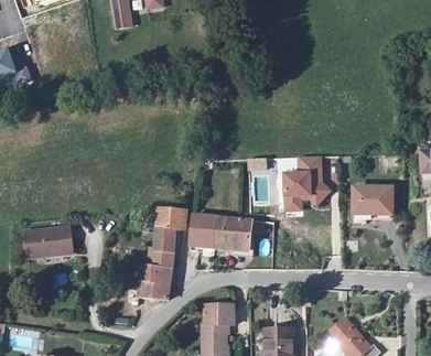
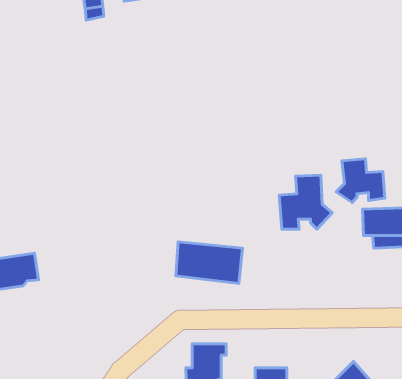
building: none -> [336,159,385,203]
building: [139,206,187,300] -> none

